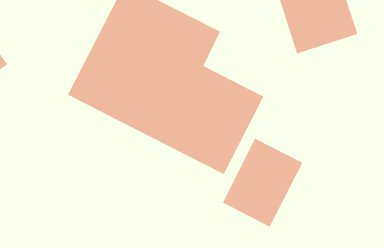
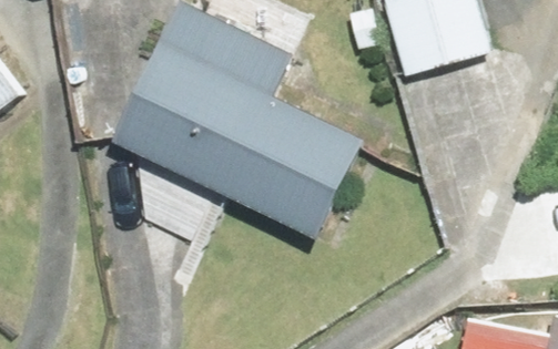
building: [222,138,303,227] -> none

